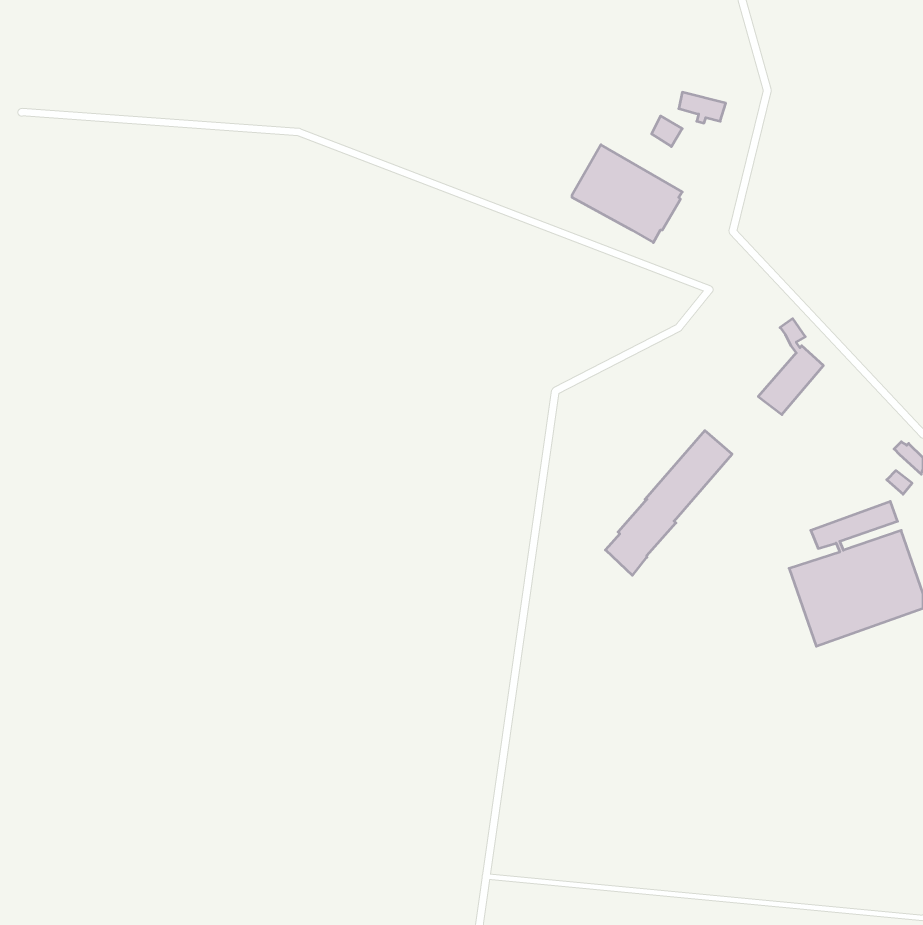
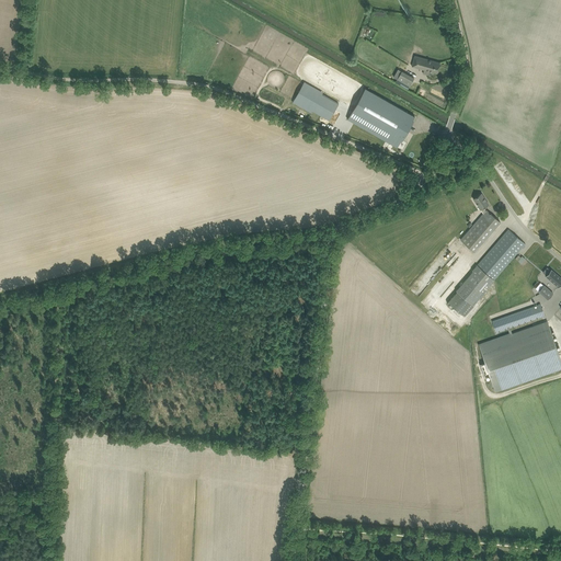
building: none -> [291,81,337,119]
building: [605,431,732,575] -> [447,229,524,317]

